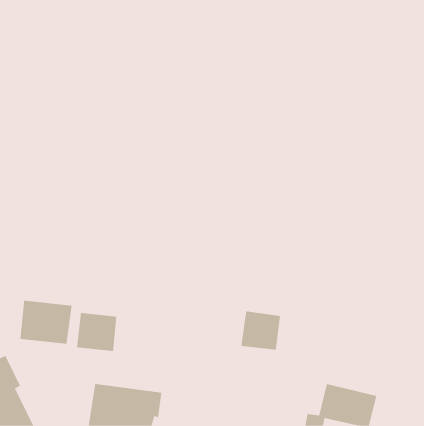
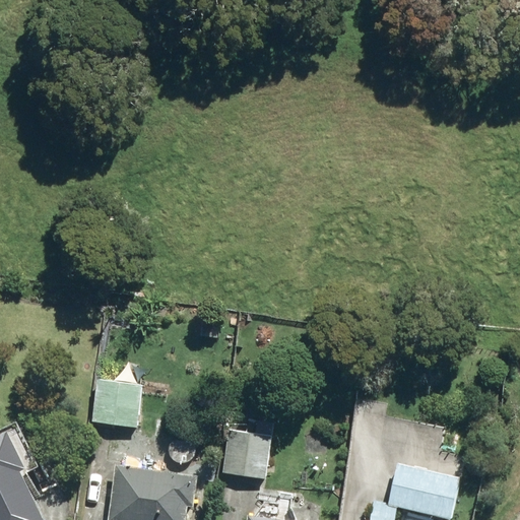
building: [20,300,72,345] -> none
building: [241,311,281,350] -> [222,431,271,478]

